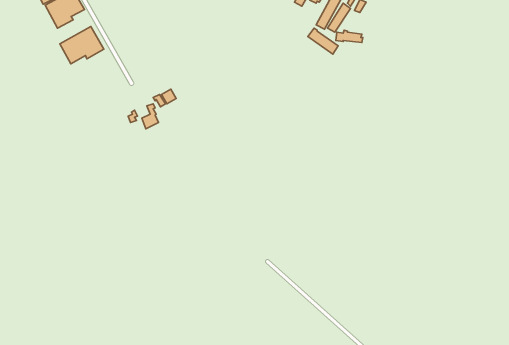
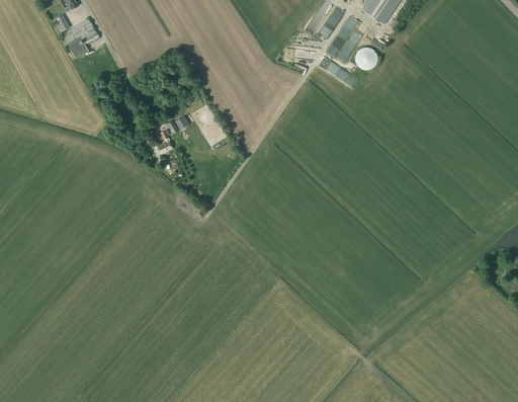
building: [60,27,104,64] -> none

